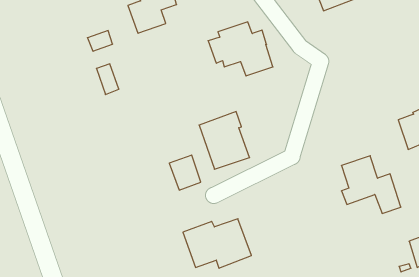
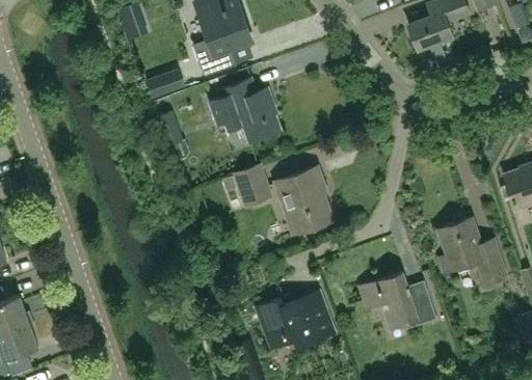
building: [208,22,273,76] -> [206,80,281,142]
building: [169,155,201,190] -> [234,165,270,206]
building: none -> [358,273,435,328]

